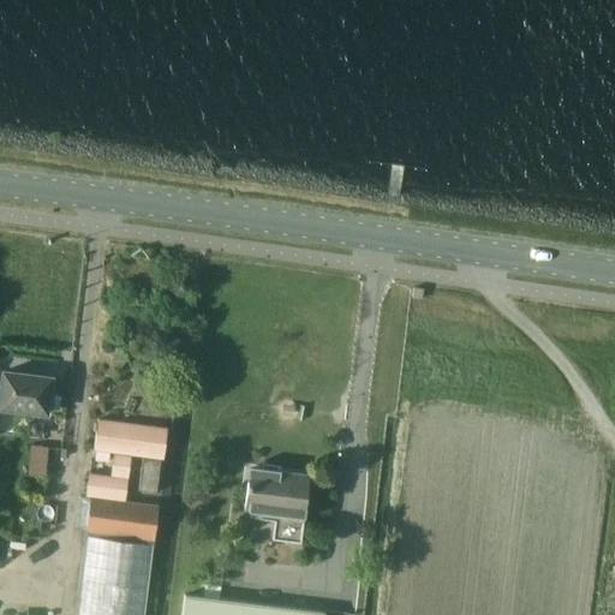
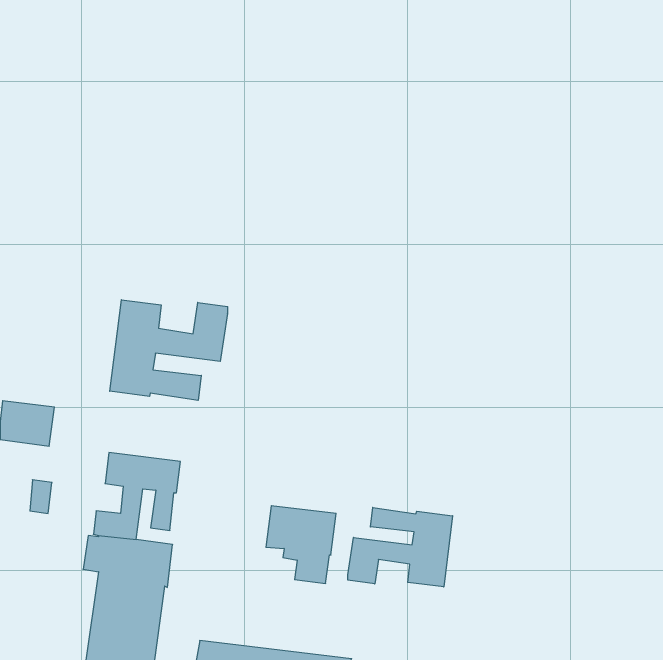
building: none -> [110,300,228,400]
building: none -> [348,507,453,587]

